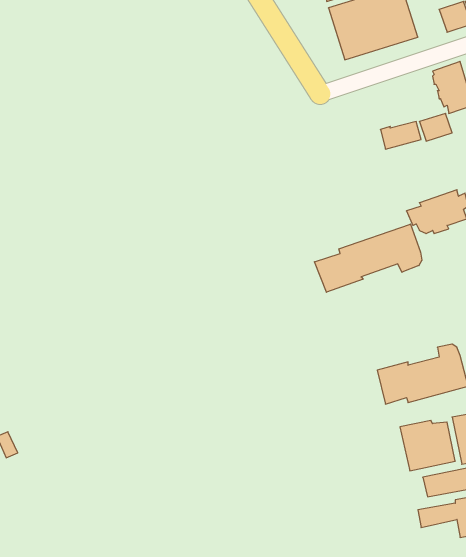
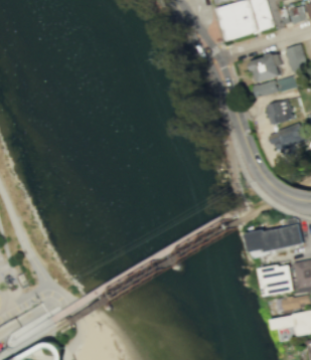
building: none -> [249,51,282,81]
building: none -> [264,98,291,125]
building: [314,224,422,292] -> none

